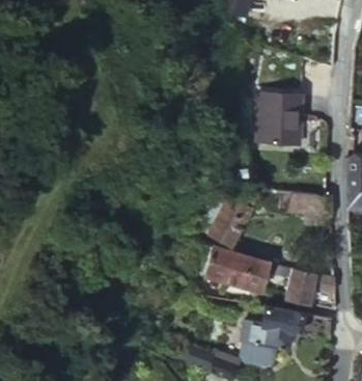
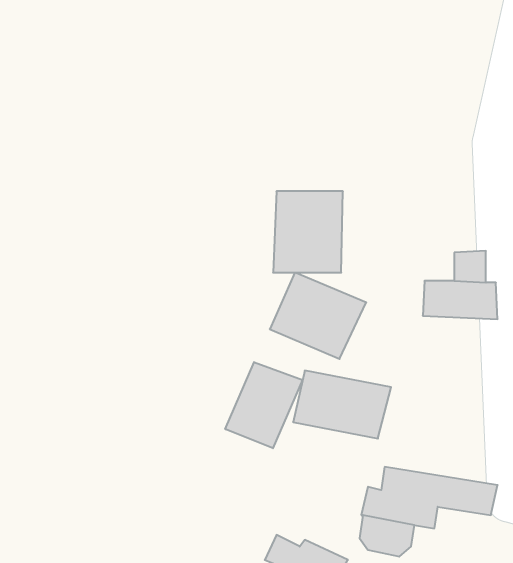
building: [252,93,296,144] -> [273,191,343,273]
building: none -> [225,362,303,448]
building: [286,268,336,303] -> none

